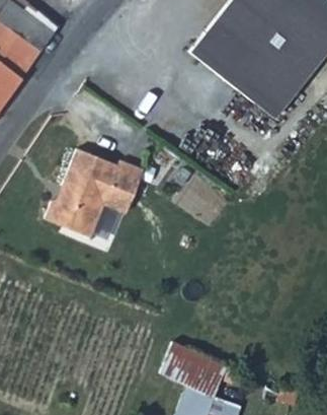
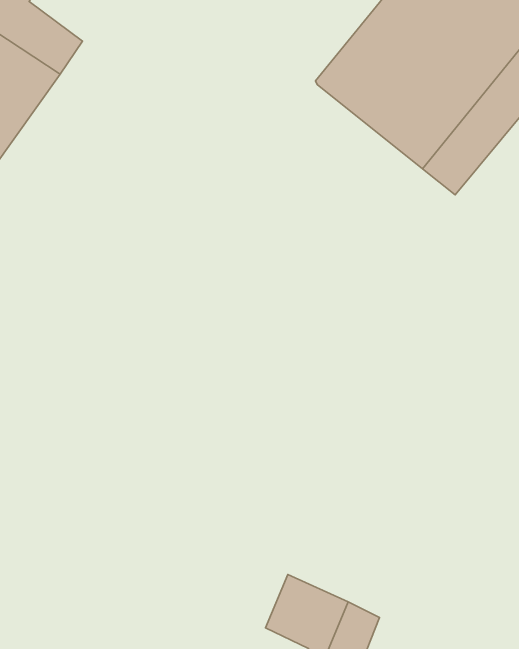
building: [43,147,141,236] -> none

